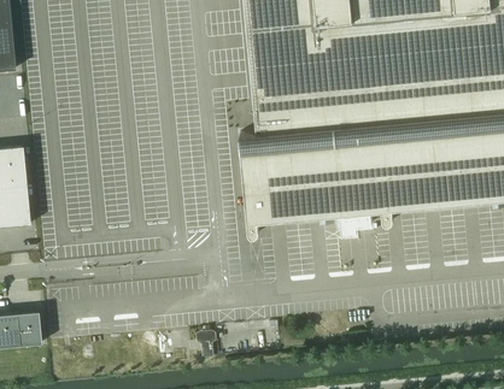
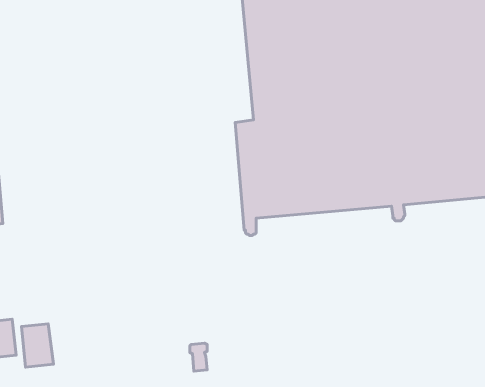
building: none -> [22,324,54,367]

